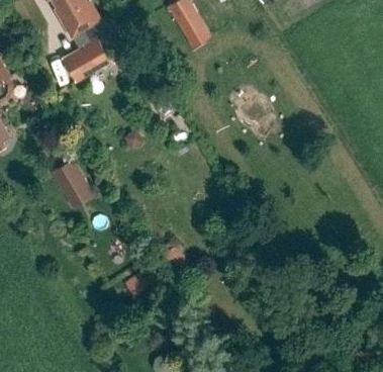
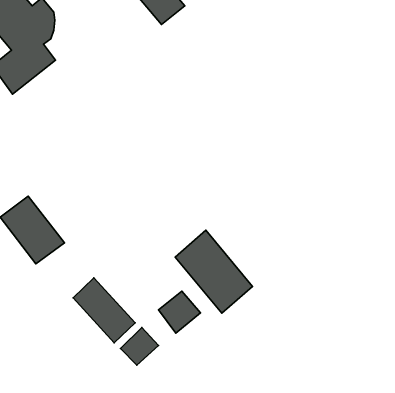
building: none -> [175,230,253,313]
building: none -> [73,278,135,343]

